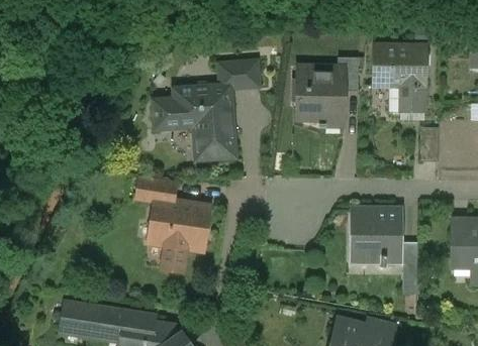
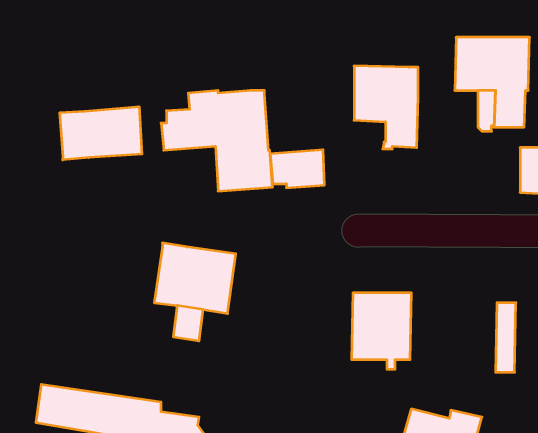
building: [338,56,359,91] -> none
building: [218,60,259,88] -> [270,150,324,188]
building: none -> [60,107,142,160]
building: [137,176,176,201] -> none
building: [354,210,398,266] -> [352,293,411,369]

